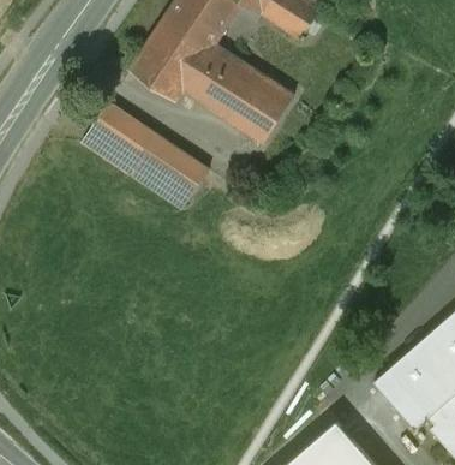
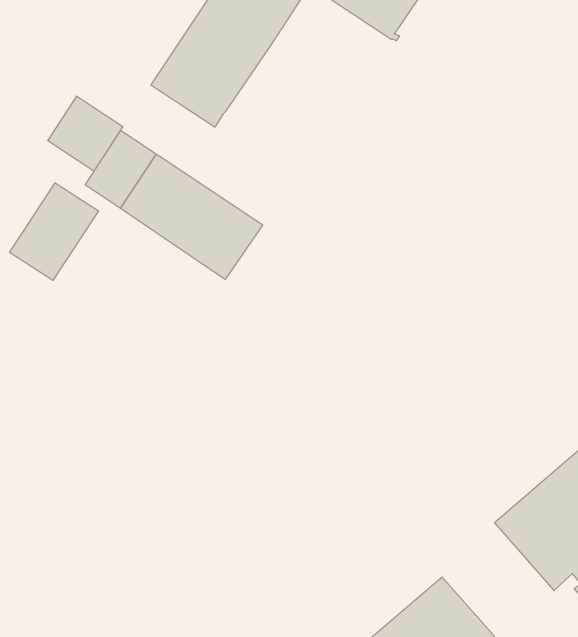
building: [182,44,294,143] -> none
building: none -> [48,96,123,171]
building: none -> [9,183,99,280]

